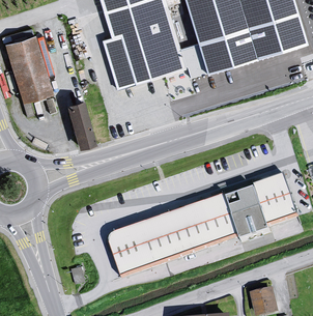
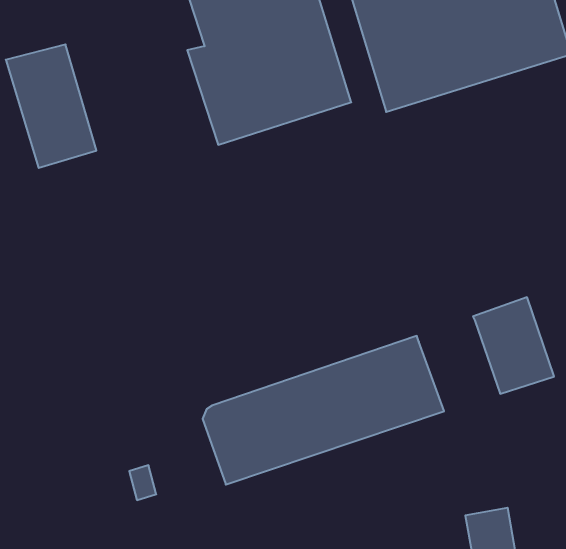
building: [64,100,95,149] -> none
building: [226,185,272,240] -> none

